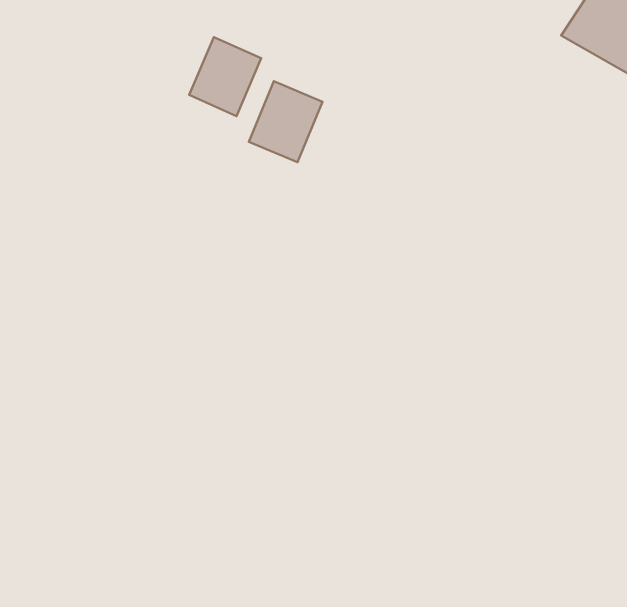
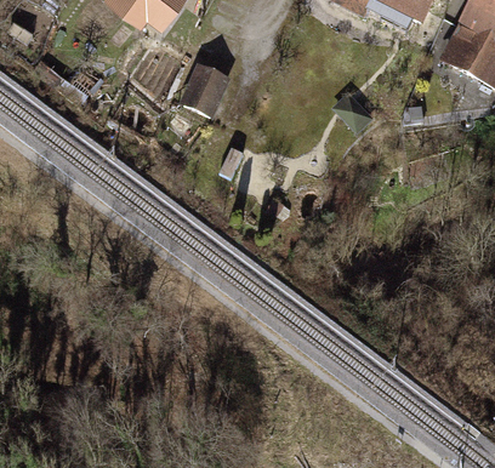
building: [249,81,322,162] -> none

